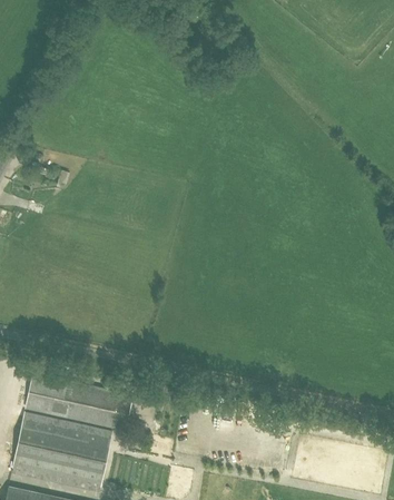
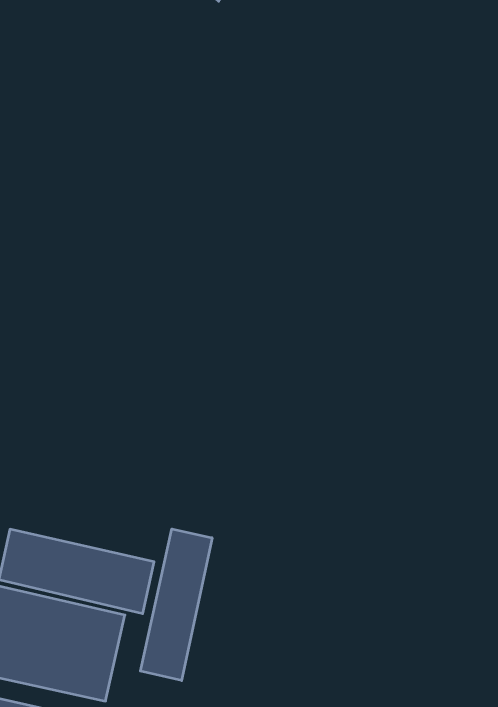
building: none -> [140,529,212,681]

